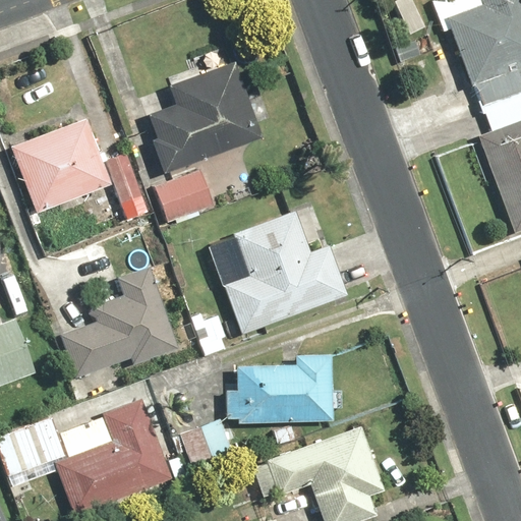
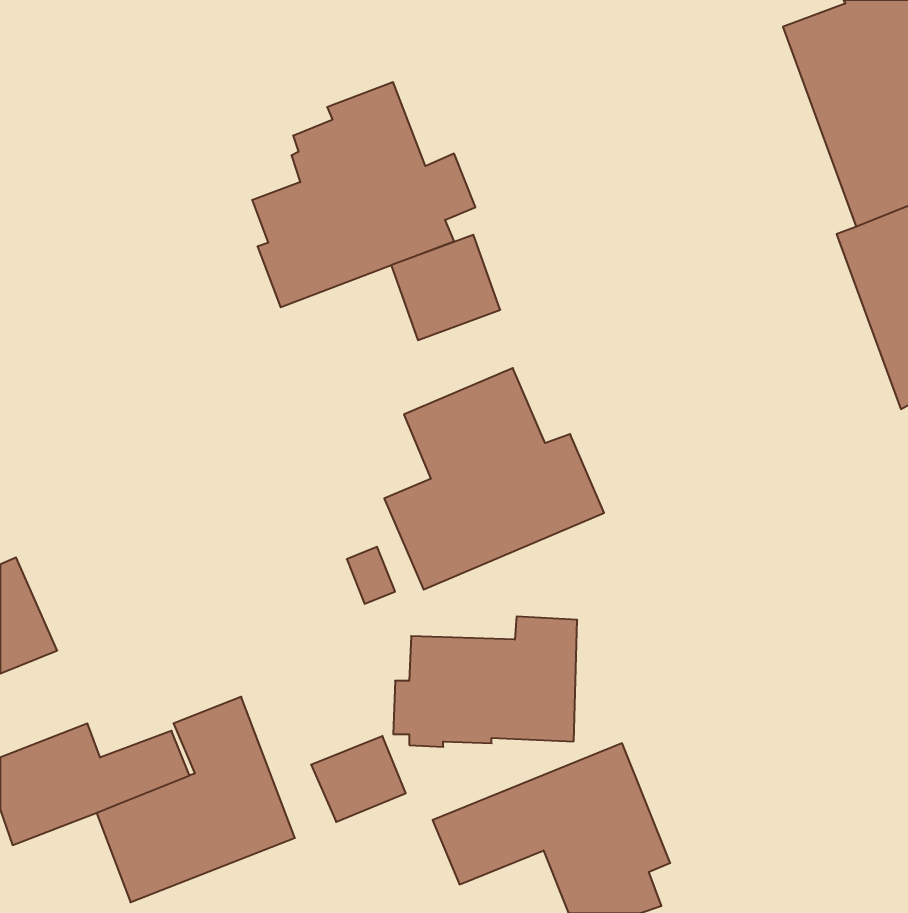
building: [9,119,143,215] -> none
building: [152,167,214,227] -> [391,235,500,340]
building: [57,269,180,381] -> none

